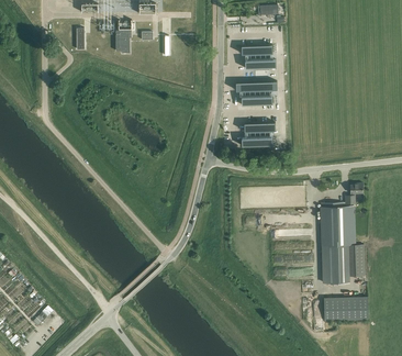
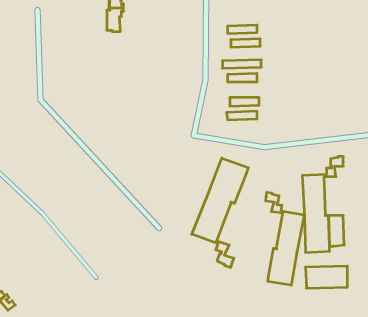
building: none -> [192,158,248,268]
building: none -> [266,192,304,285]

